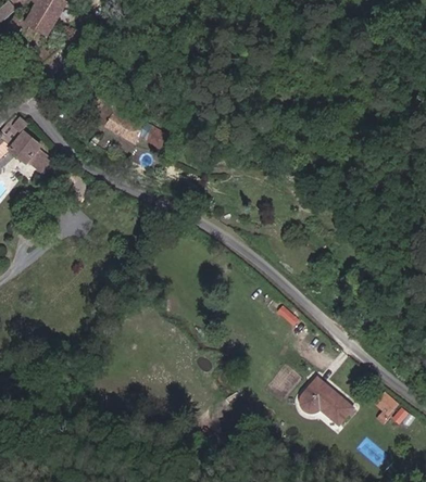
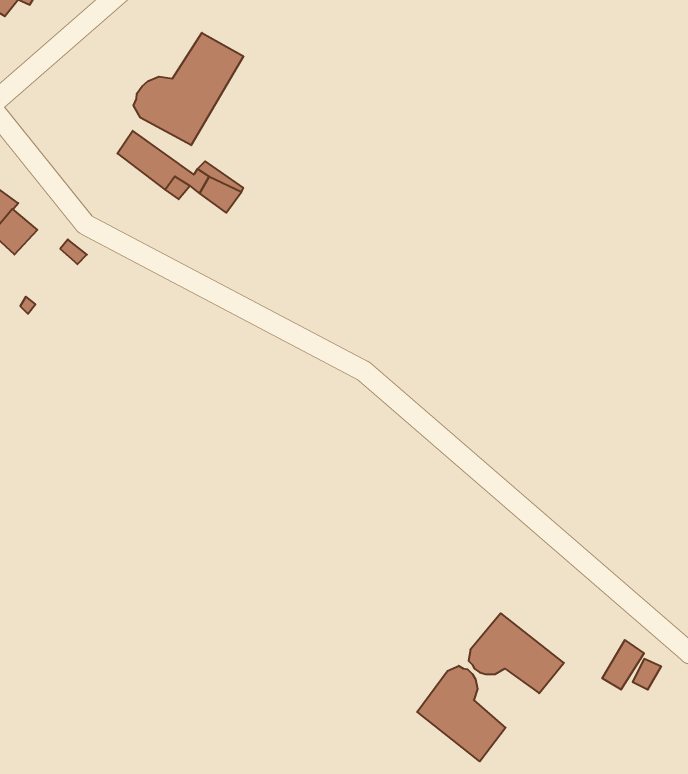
building: none -> [134,33,243,145]
building: none -> [417,666,506,761]

